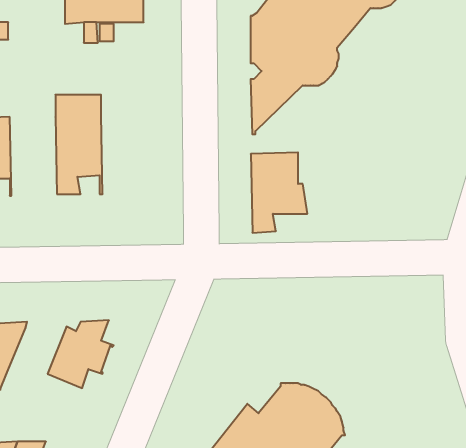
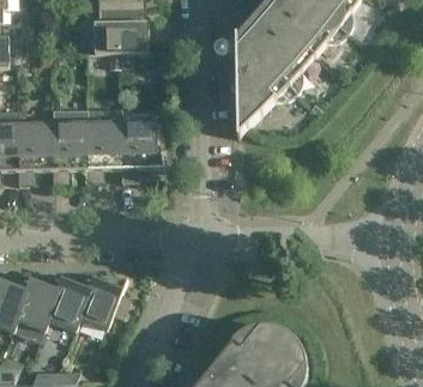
building: none -> [50,125,86,185]
building: [251,152,307,233] -> [120,122,163,183]
building: none -> [48,280,95,331]

